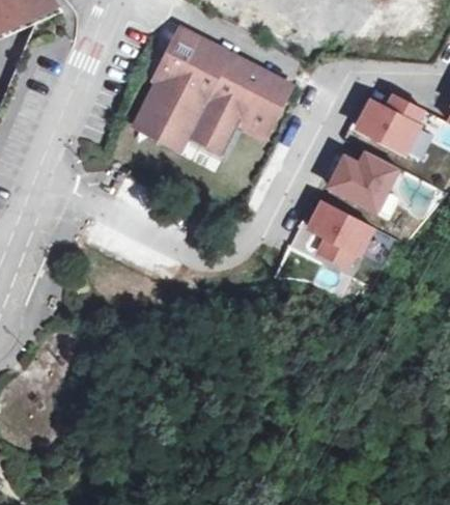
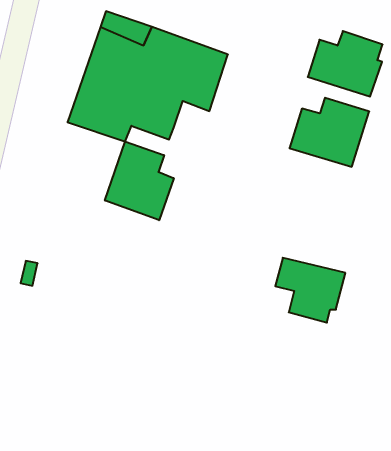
building: none -> [105,142,174,220]
building: [311,202,377,269] -> [275,258,345,323]

